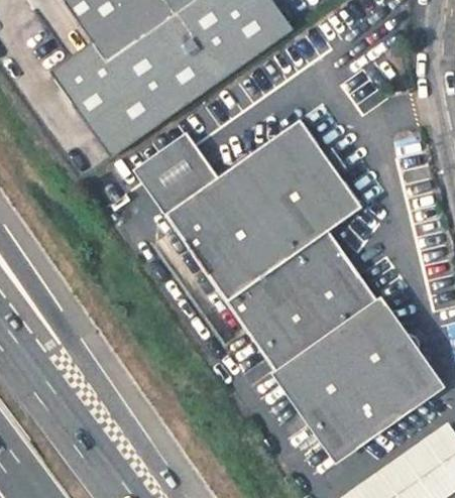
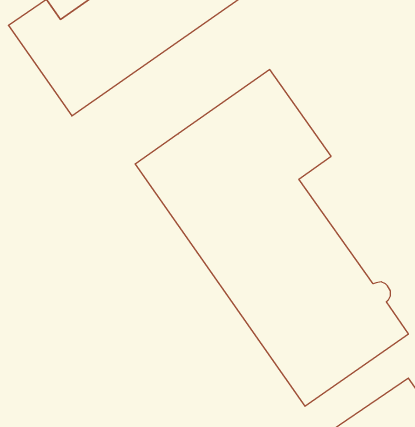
building: [134,137,210,212] -> none

